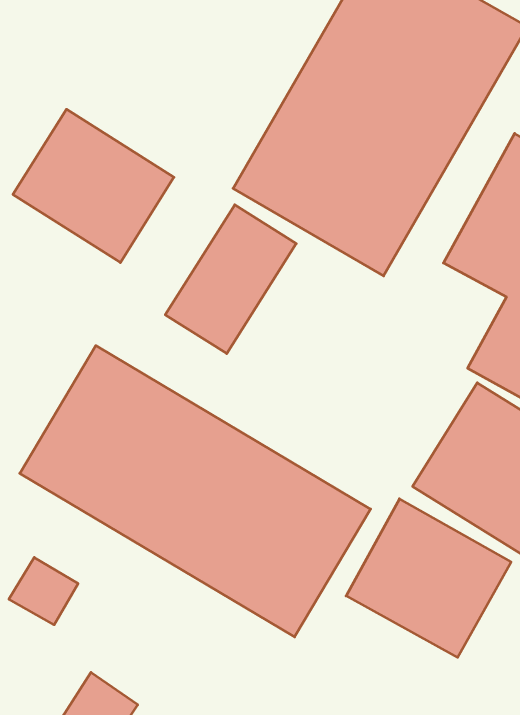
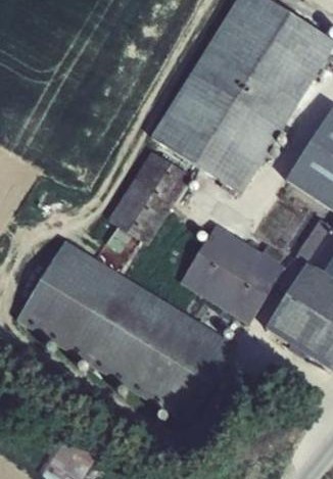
building: [13,109,174,263] -> none
building: [346,499,511,657] -> [180,223,284,323]
building: [9,557,78,625] -> none

